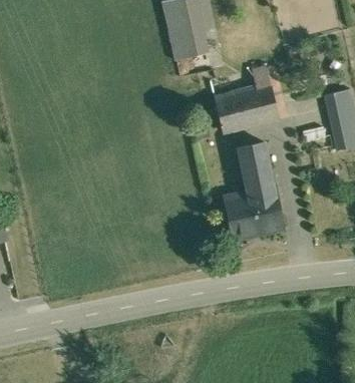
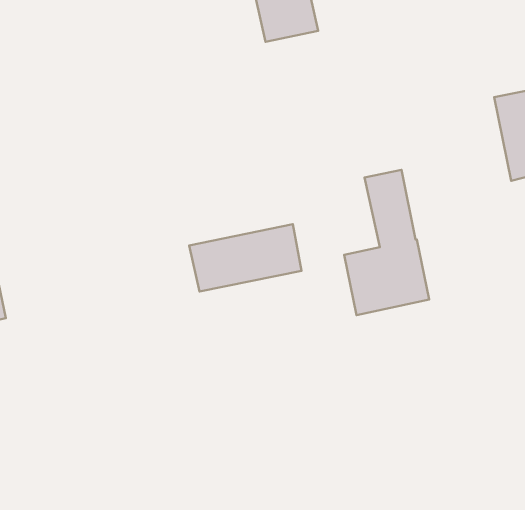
building: [215,66,280,131] -> none
building: none -> [189,224,301,291]

